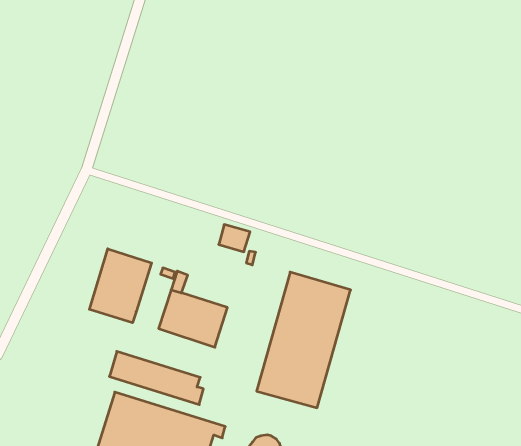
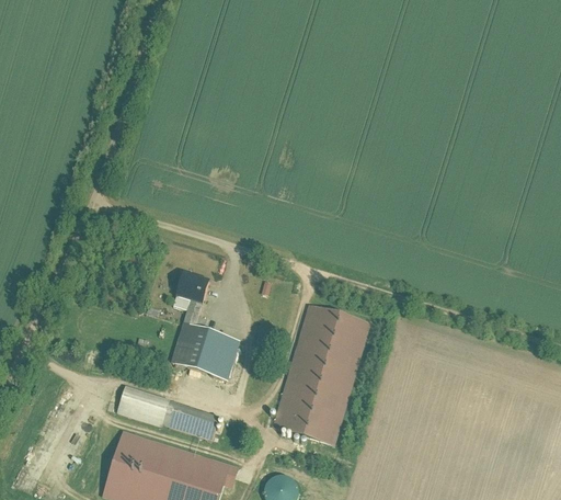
building: [219,225,250,252] -> [175,274,208,303]
building: [89,249,152,323] -> none

